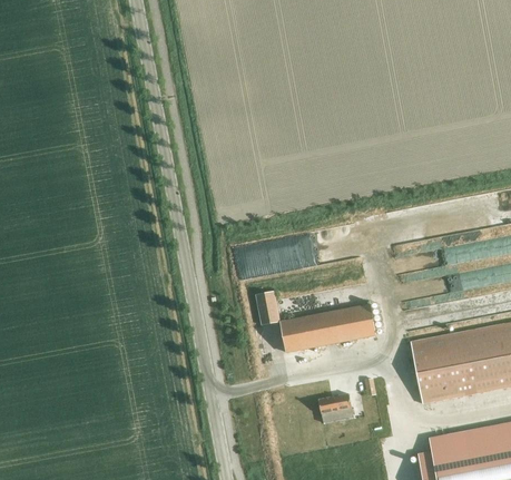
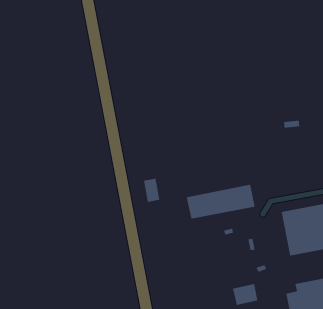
building: [256,291,279,324] -> [143,178,160,202]
building: [318,392,354,422] -> [232,284,258,305]

